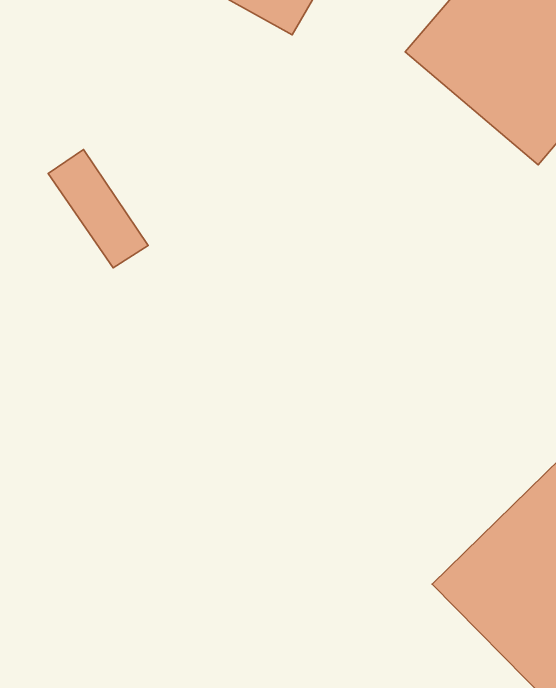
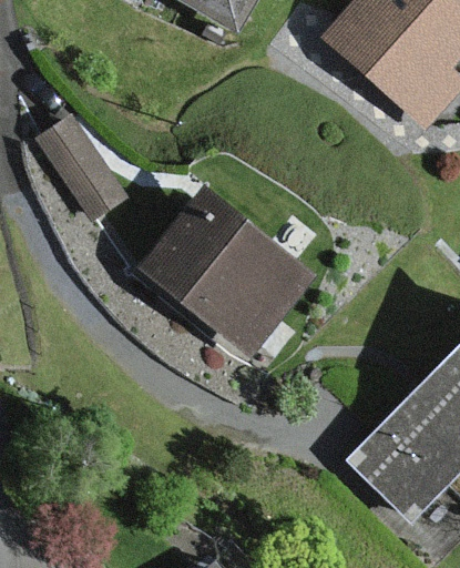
building: none -> [144,194,310,354]

